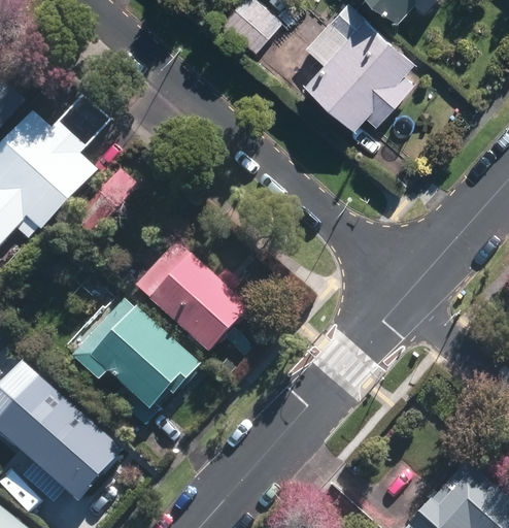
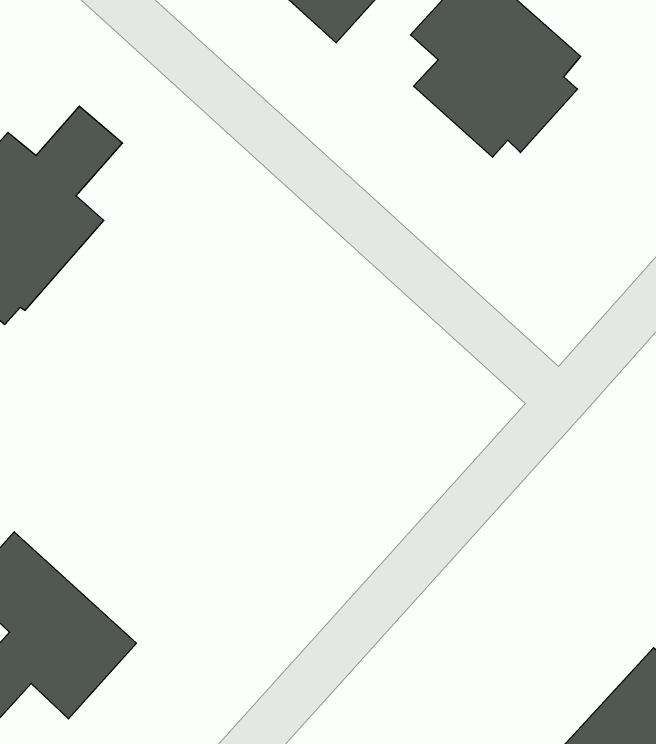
building: [135,240,249,353] -> none
building: [62,296,201,429] -> none

